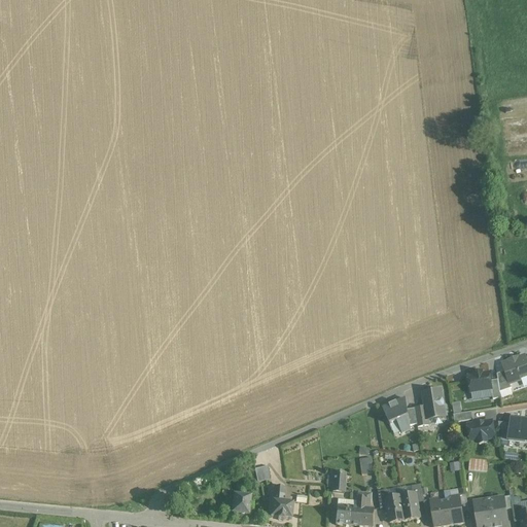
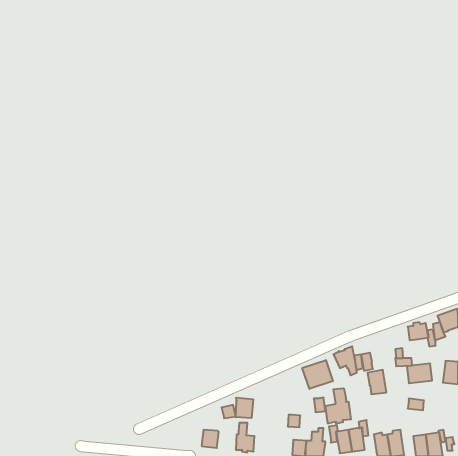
building: [423,389,445,417] -> [368,370,386,394]
building: none -> [302,360,333,389]
building: none -> [325,388,351,424]
building: none -> [236,398,253,418]

